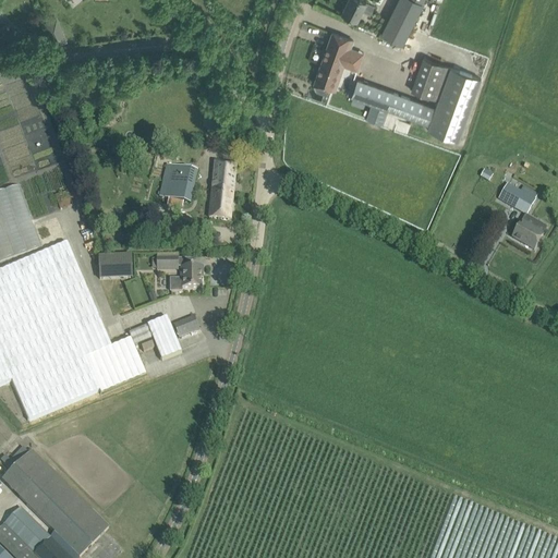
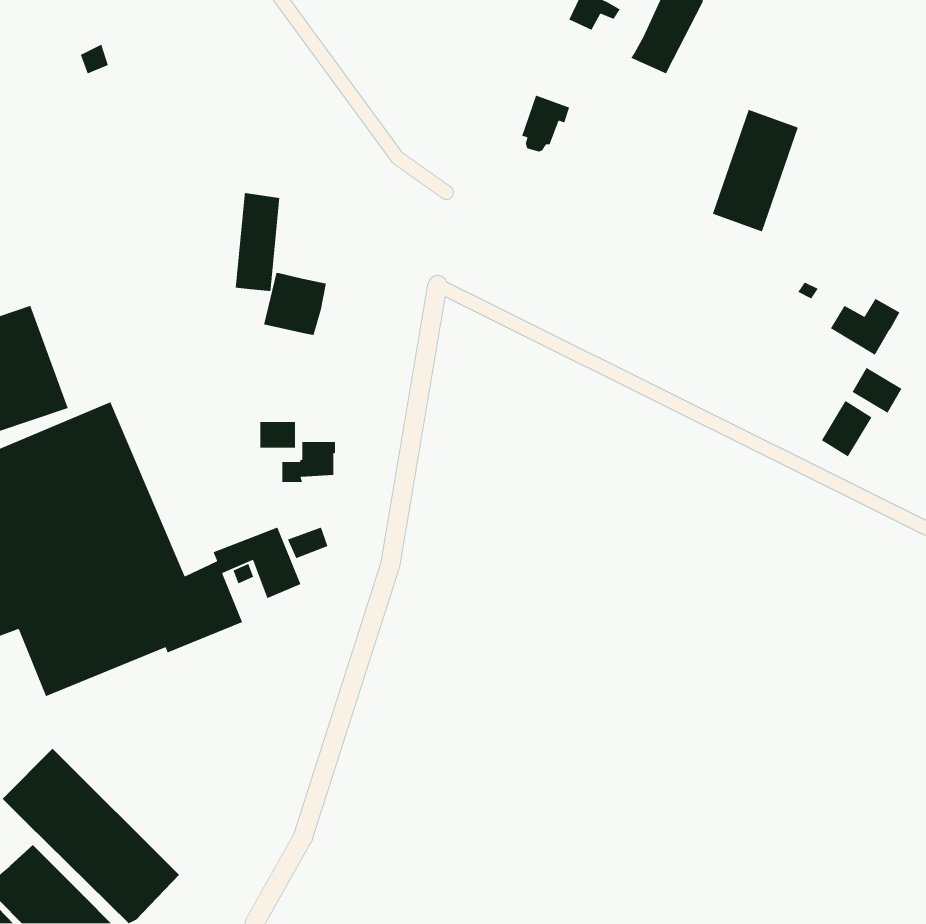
building: [322,31,363,70] -> none
building: [411,56,447,98] -> none
building: [347,76,433,123] -> none
building: [208,159,235,219] -> [235,192,280,292]
building: none -> [821,400,872,458]
building: [97,252,131,277] -> none

